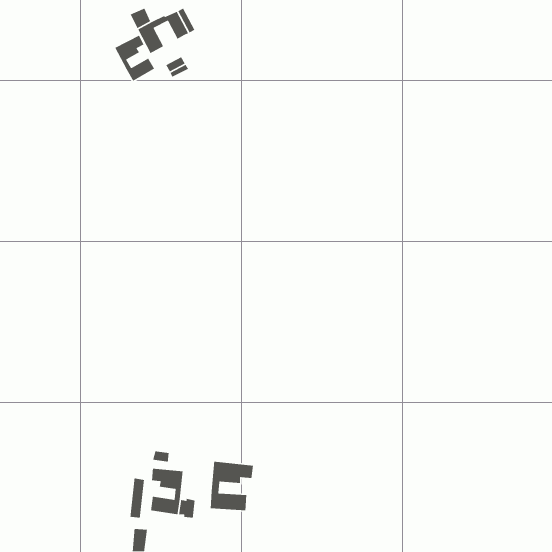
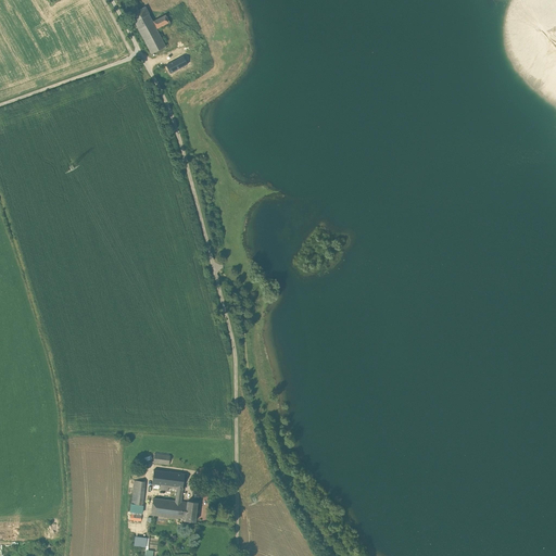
building: [114,34,155,82] -> none
building: [210,461,254,511] -> none

